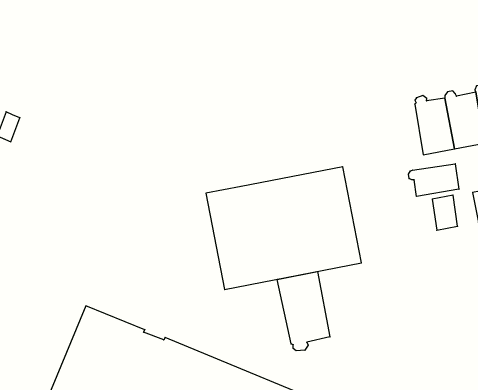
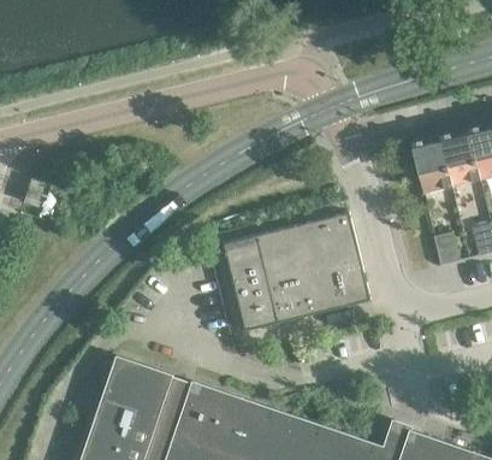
building: [408,164,459,196] -> none
building: [277,272,330,351] -> none

